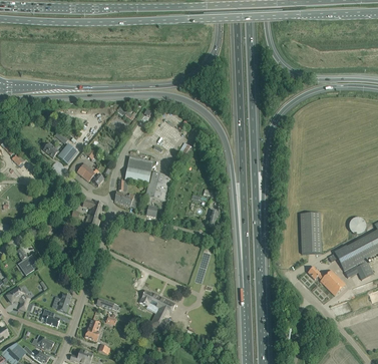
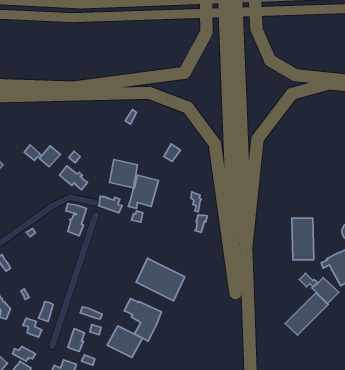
building: none -> [136,258,185,301]
building: none -> [285,293,328,335]
building: none -> [107,326,143,358]

